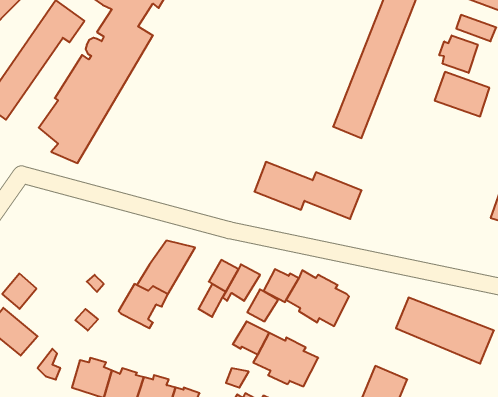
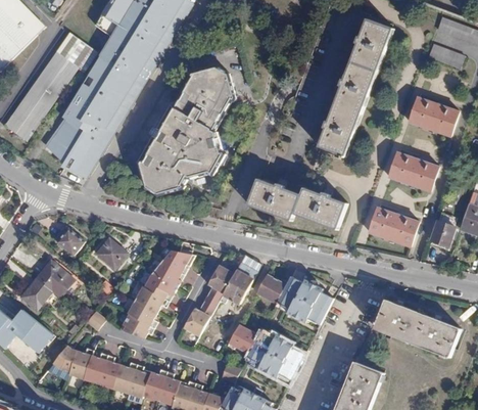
building: none -> [137,63,236,195]
building: [439,35,478,73] -> none
building: none -> [388,153,438,193]
building: none -> [368,209,418,247]
building: none -> [430,221,453,246]
building: none -> [57,226,85,254]
building: none -> [96,237,128,269]
building: none -> [37,261,76,298]
building: [247,289,278,321] -> [182,308,209,336]
building: none -> [118,314,153,337]
building: none -> [66,348,93,380]

